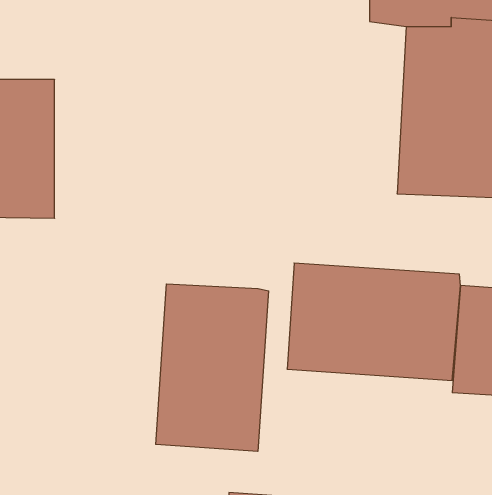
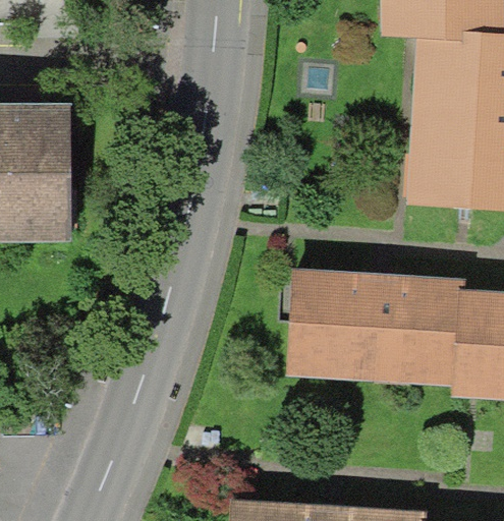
building: [156,284,269,451] -> none

